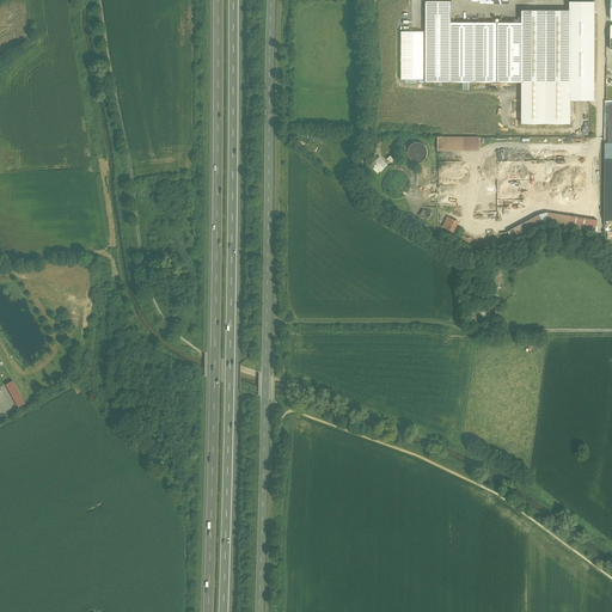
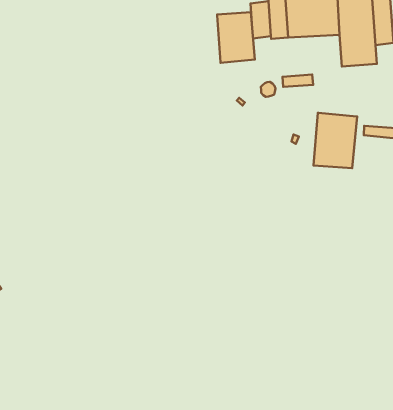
building: none -> [217,12,255,63]
building: none -> [313,113,357,168]

